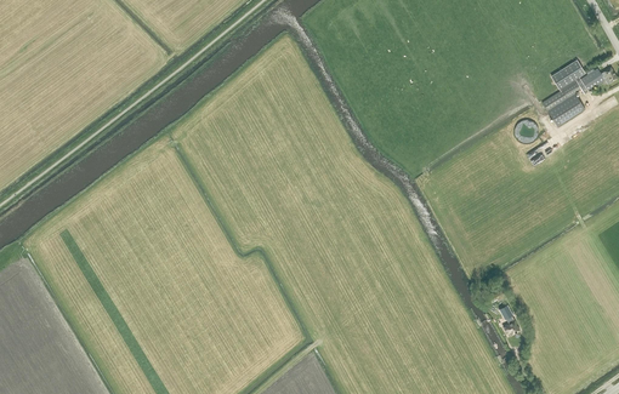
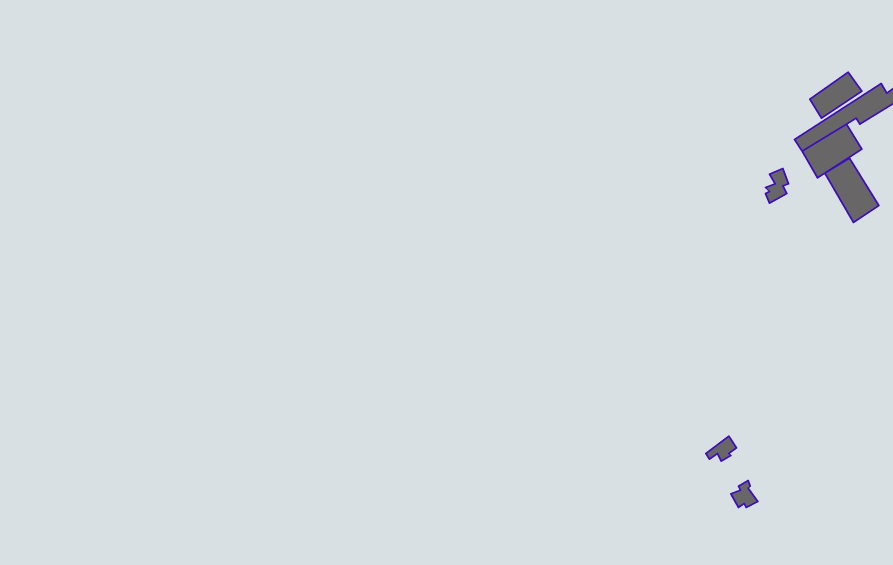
building: none -> [825,158,879,223]

